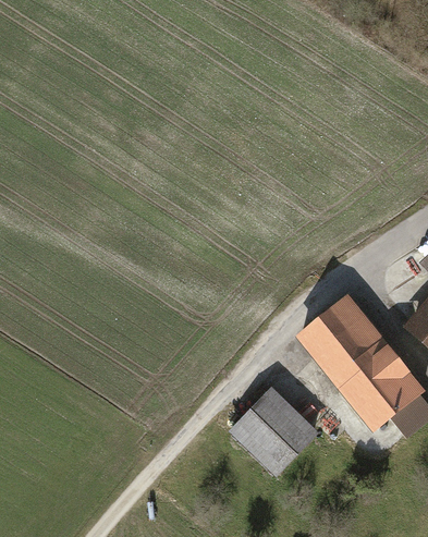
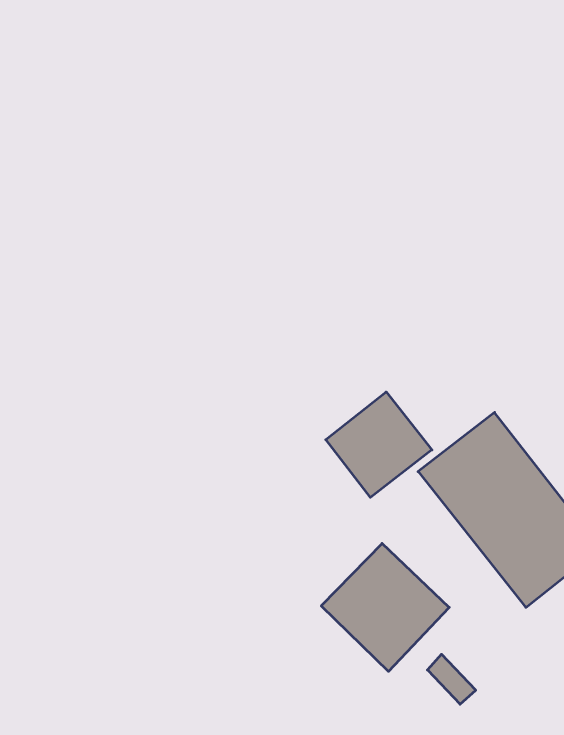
building: none -> [326,392,432,497]

